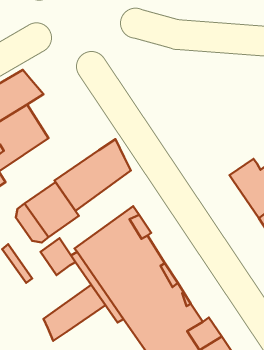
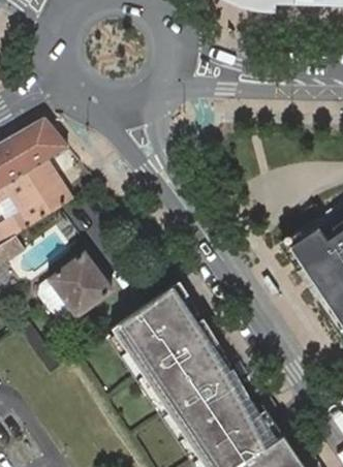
building: [54,139,131,211] -> none
building: [40,238,75,275] -> none
building: [44,285,106,341] -> none

